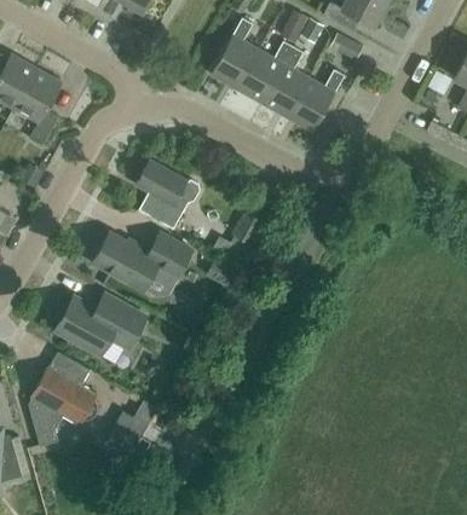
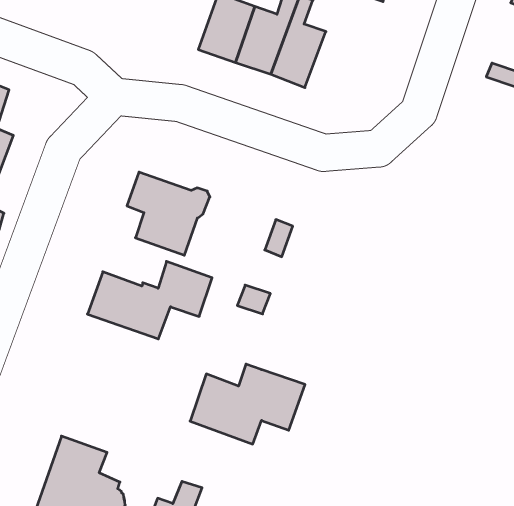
building: [286,70,344,132] -> none
building: [54,294,146,355] -> [190,364,305,444]

